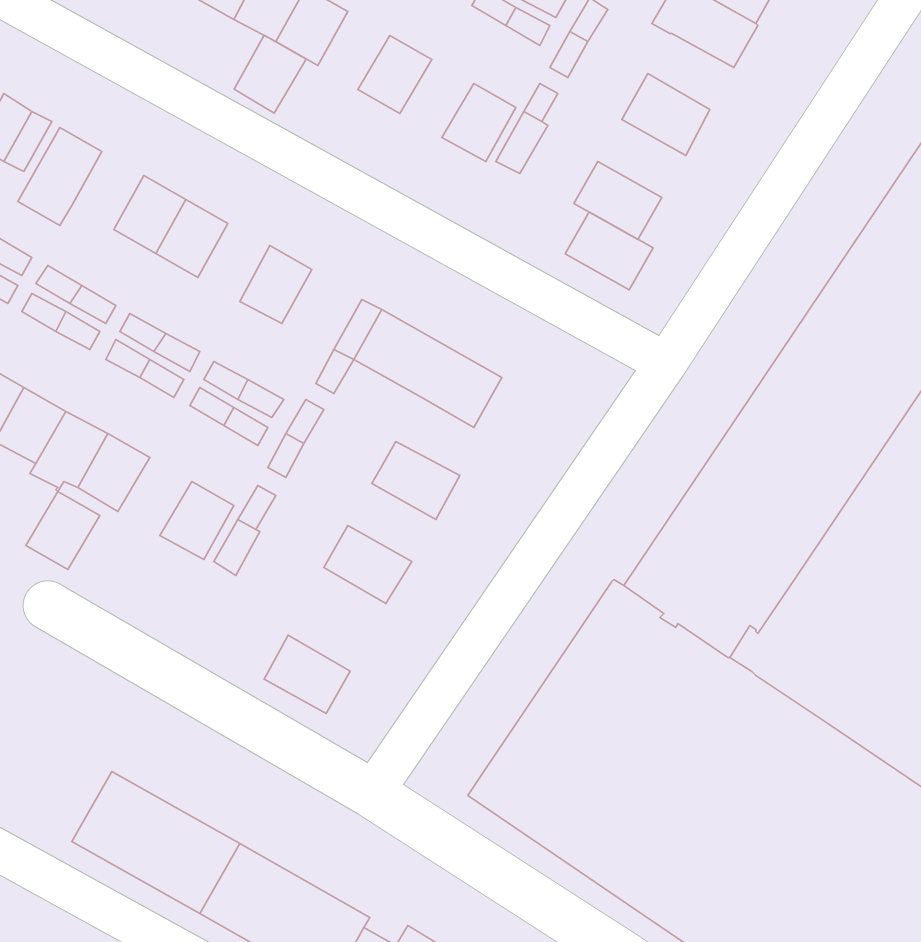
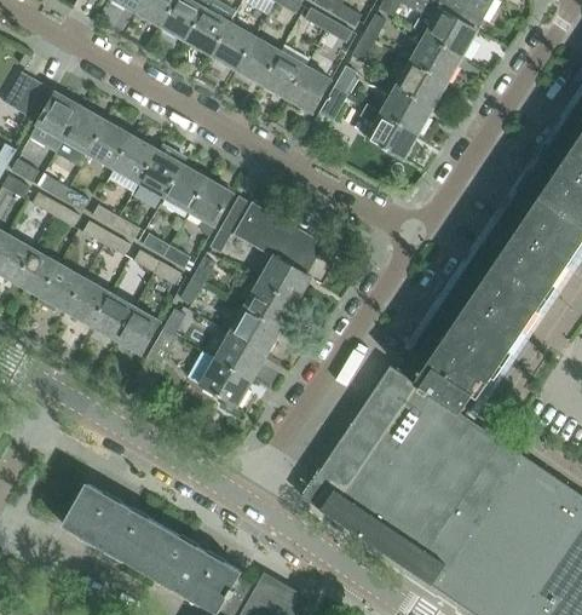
building: none -> [411,36,463,82]
building: [234,35,306,113] -> [212,23,255,70]
building: none -> [261,52,306,99]
building: none -> [63,108,106,168]
building: [565,212,653,290] -> [381,88,434,136]
building: none -> [139,151,183,199]
building: none -> [190,179,234,226]
building: none -> [259,257,312,304]
building: none -> [230,309,283,356]
building: [26,491,100,569] -> [91,293,136,340]
building: [264,635,350,713] -> [201,360,253,407]

